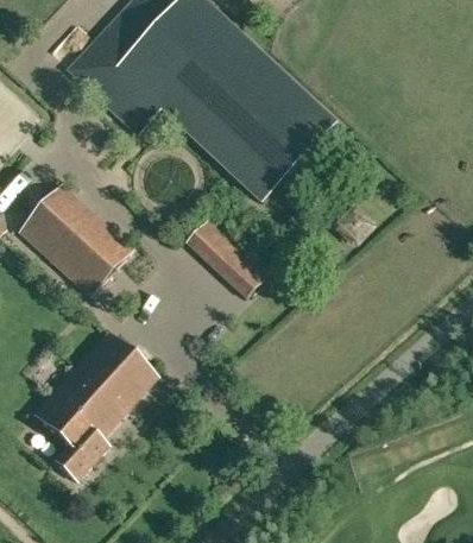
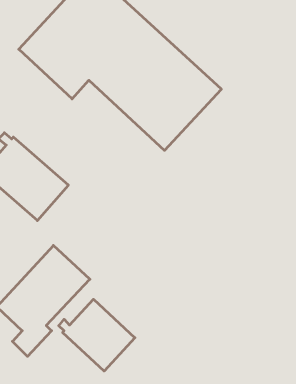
building: [190,219,276,293] -> none
building: none -> [59,299,135,371]

